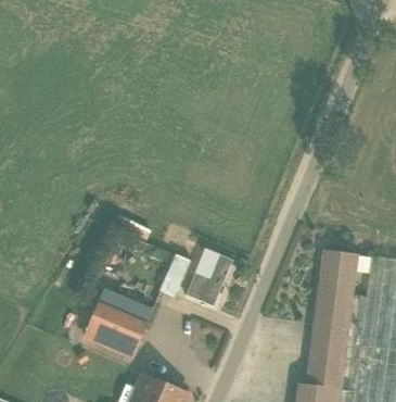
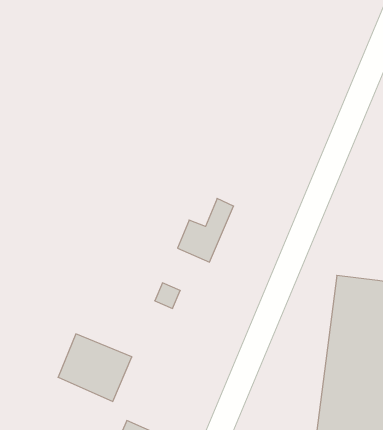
building: [186,252,233,306] -> [178,198,234,262]

